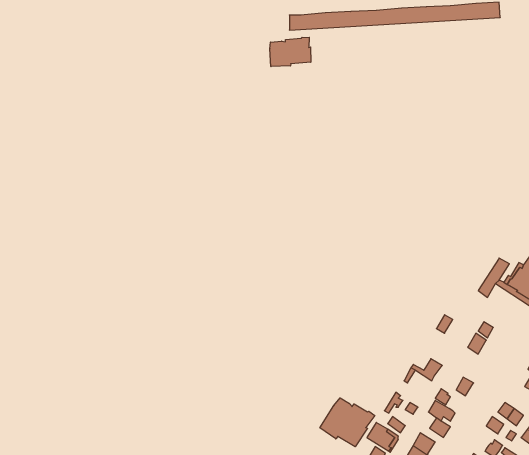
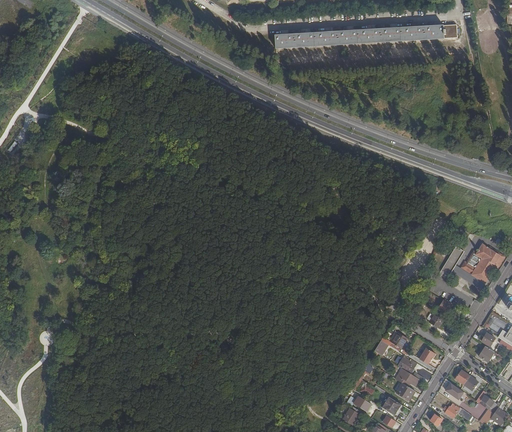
building: [270,37,311,67] -> none
building: [320,398,375,447] -> none

